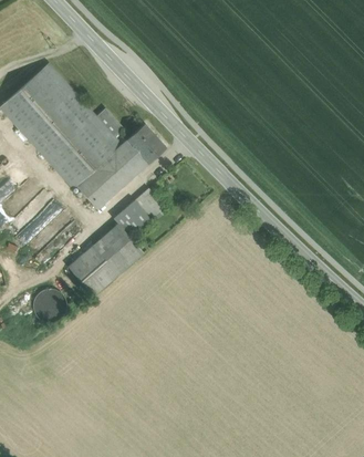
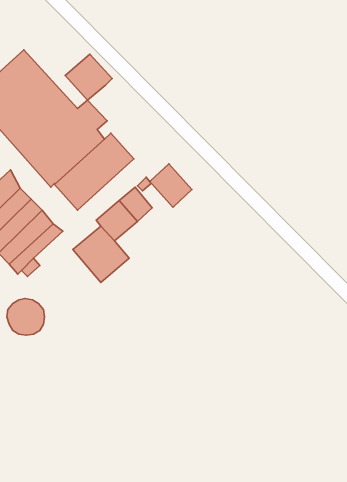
building: none -> [65,54,112,100]
building: [126,124,165,163] -> [149,164,192,207]
building: [67,245,117,295] -> none

